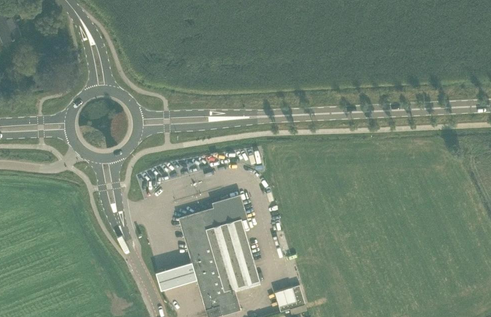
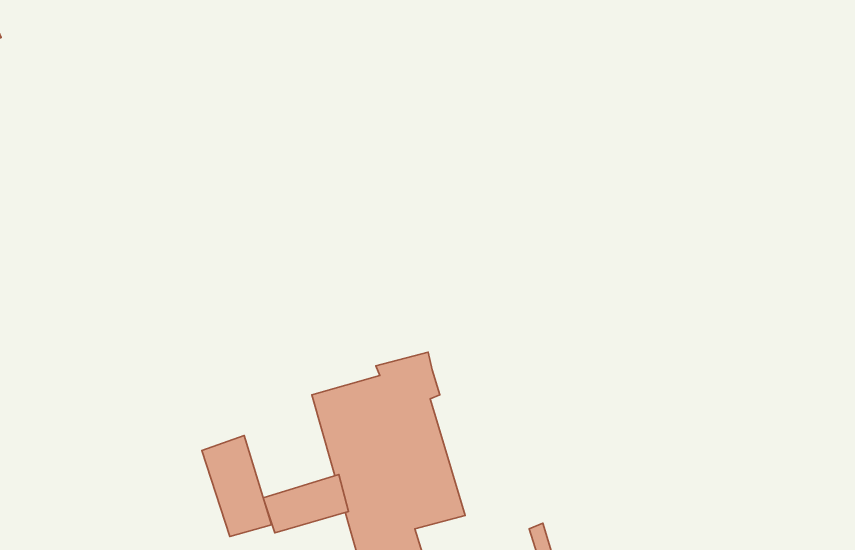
building: none -> [202,436,271,536]

